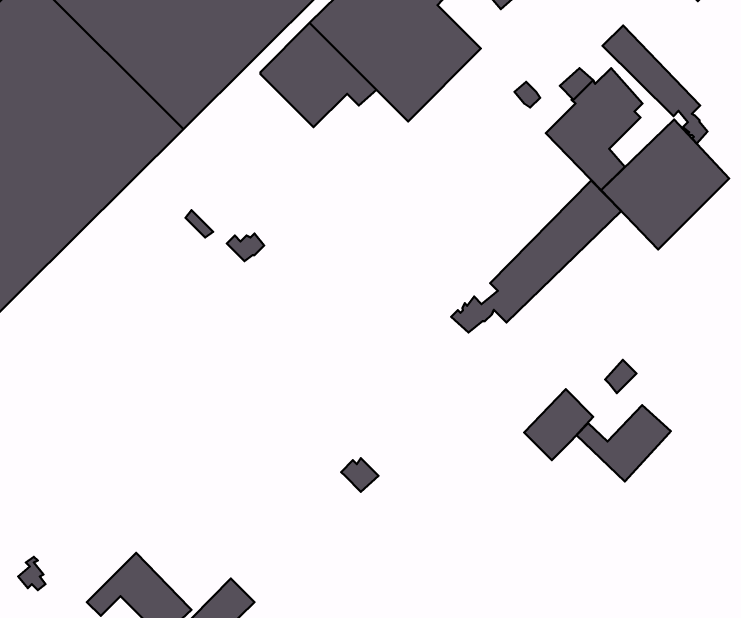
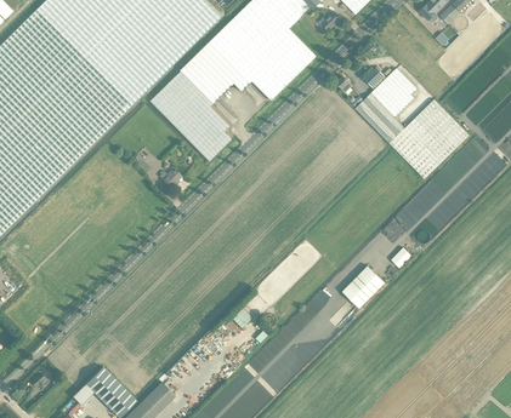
building: [602,25,707,143] -> none
building: none -> [149,70,231,160]
building: [451,181,621,332] -> none
building: [576,405,671,481] -> none

